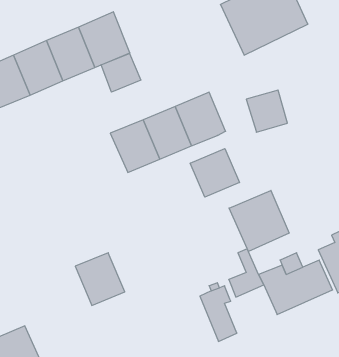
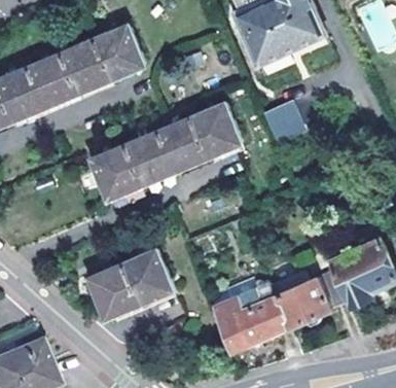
building: [101,53,141,92] -> none
building: none -> [94,146,144,200]
building: [190,149,239,197] -> none
building: [229,190,289,251] -> none
building: none -> [124,252,174,305]
building: none -> [241,297,293,346]

